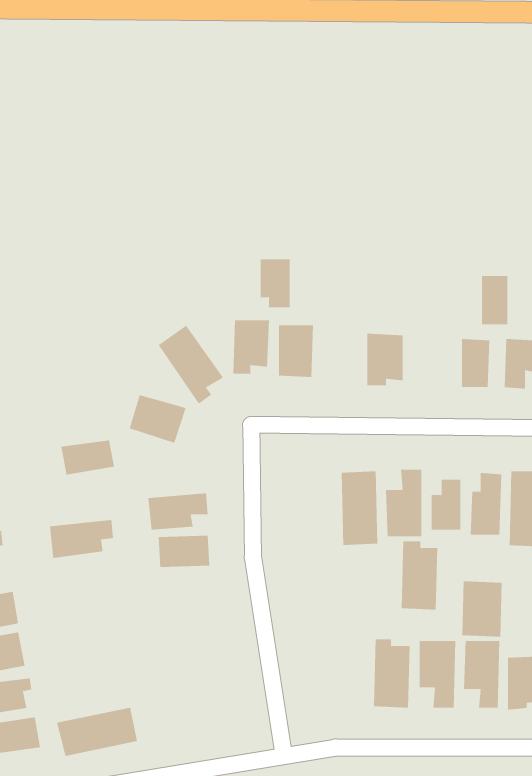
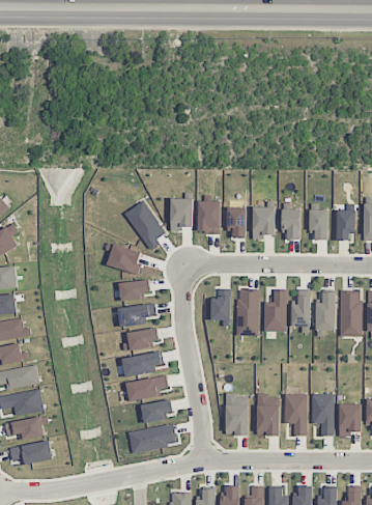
building: [260,259,290,308] -> [227,207,246,237]
building: [481,276,508,325] -> [283,209,299,240]
building: [61,440,115,475] -> [118,279,151,301]
building: none -> [211,297,230,327]
building: [49,519,114,558] -> [122,353,162,376]
building: [401,541,438,610] -> [225,393,248,436]
building: [462,580,502,638] -> none
building: none -> [126,376,168,400]
building: none -> [140,399,174,422]
building: [56,707,138,756] -> [127,423,177,453]

